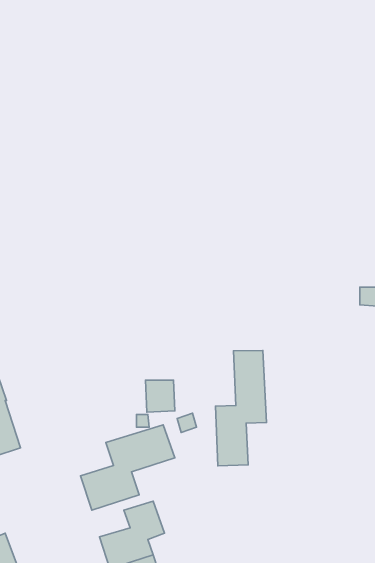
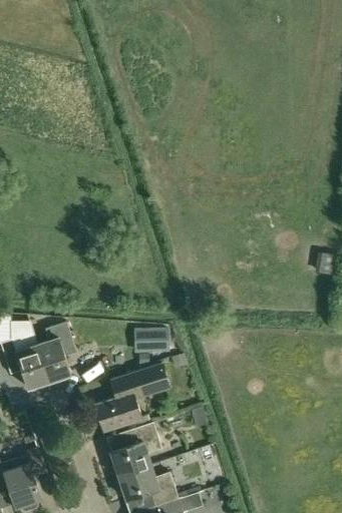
building: [216,350,266,466] -> none
building: none -> [35,323,72,382]

